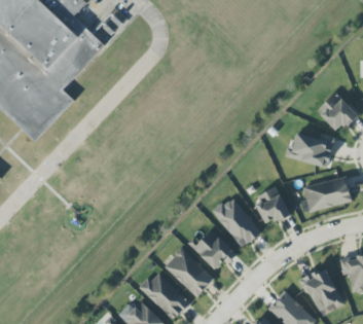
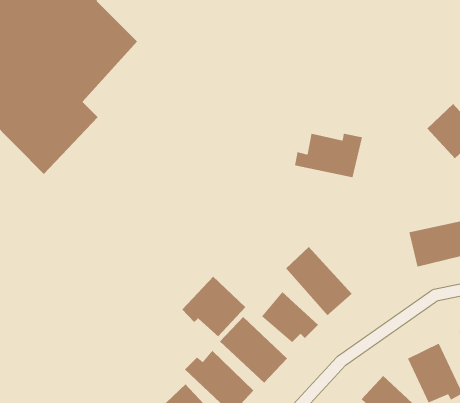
building: [284,134,334,167] -> [294,133,363,178]
building: [253,186,289,225] -> none
building: none -> [181,276,246,337]

